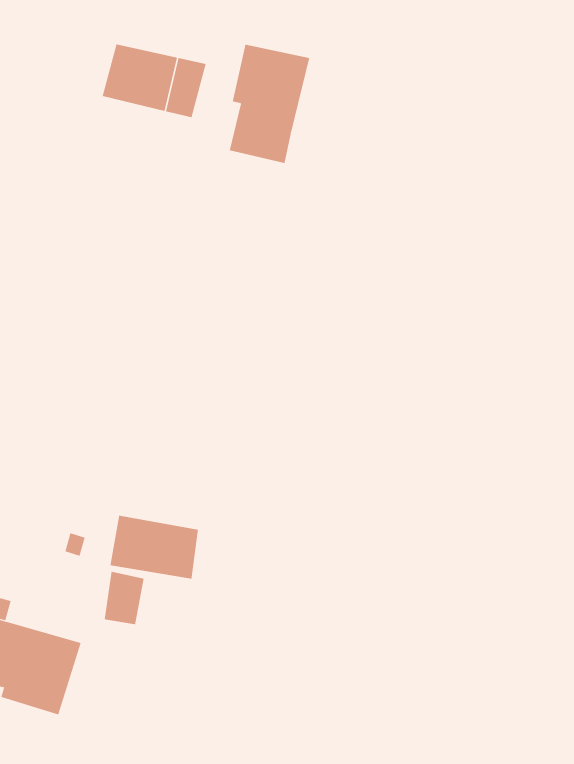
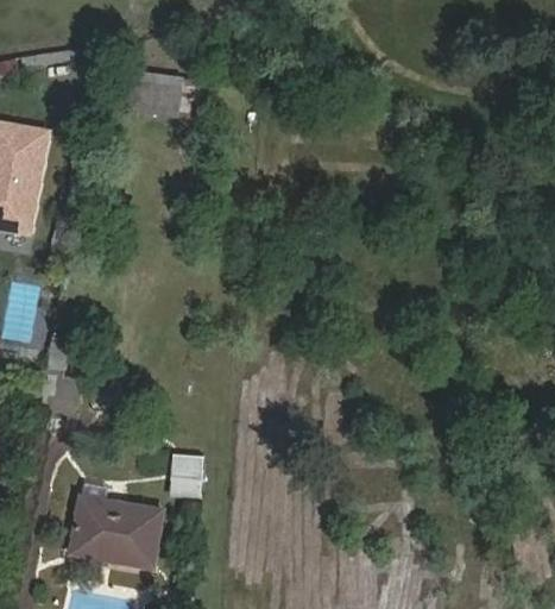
building: [229,44,310,164] -> none
building: [110,515,198,579] -> none

